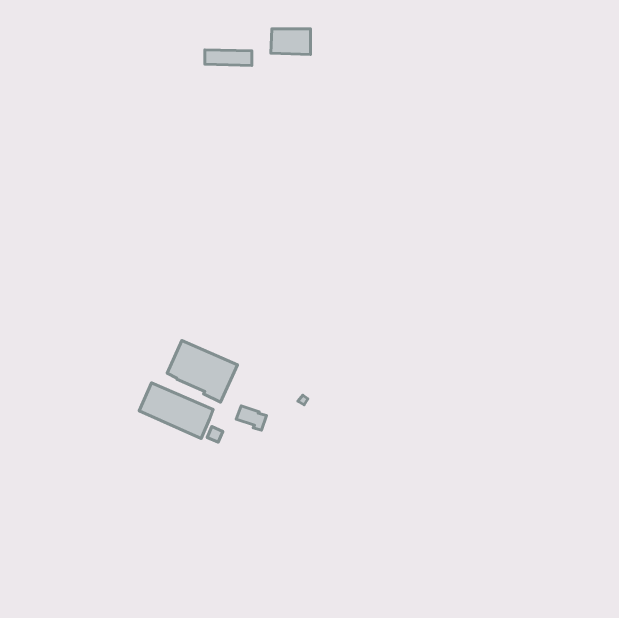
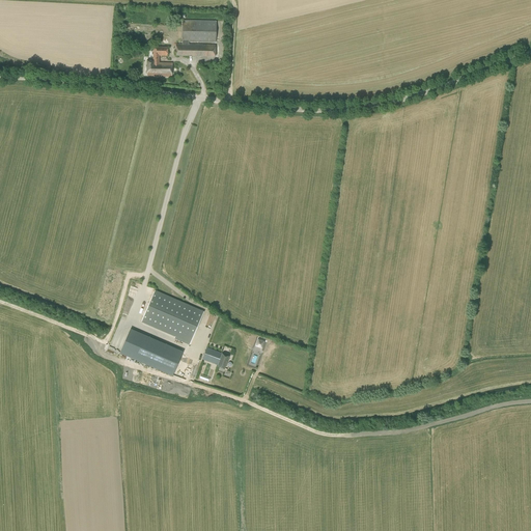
building: [271,29,311,54] -> [181,20,216,41]
building: none -> [147,47,172,76]

